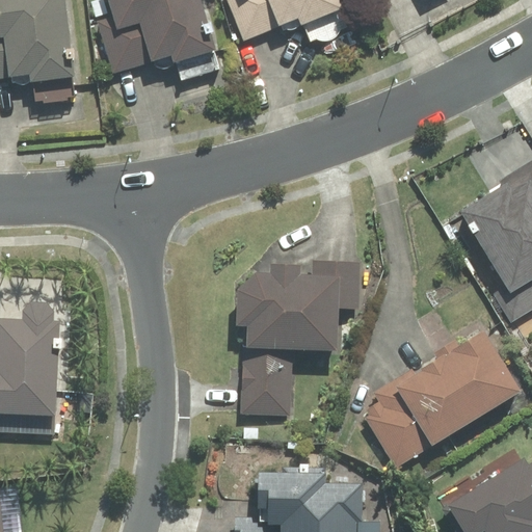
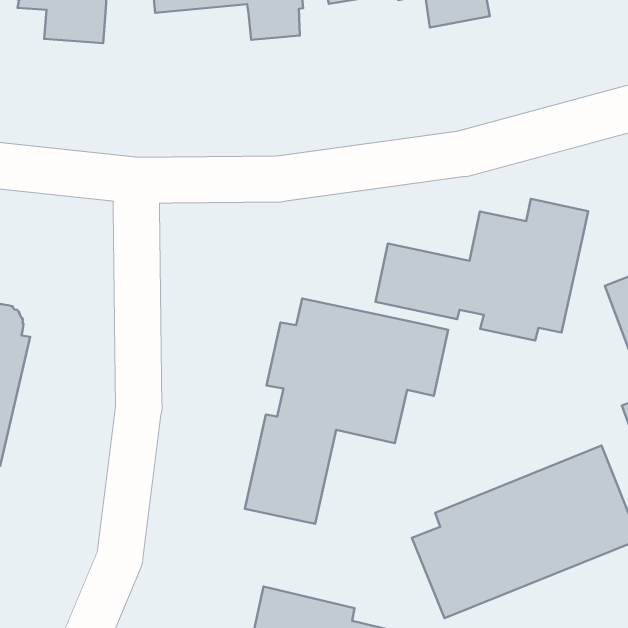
building: none -> [375,199,588,340]

